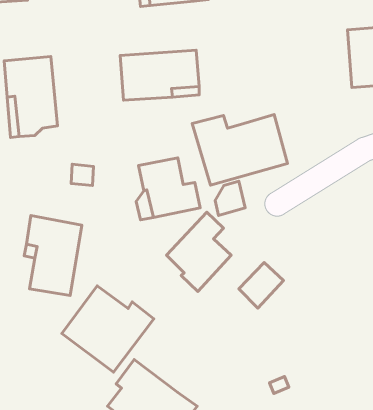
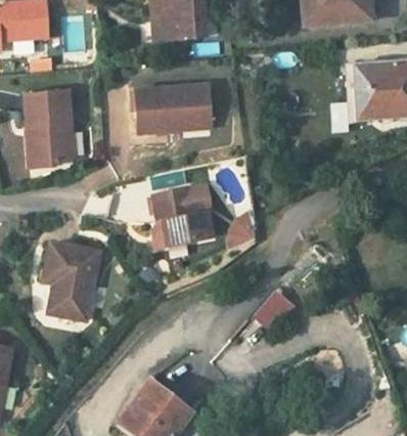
building: [192,115,288,185] -> none
building: [166,212,231,292] -> none
building: [62,286,154,372] -> none

